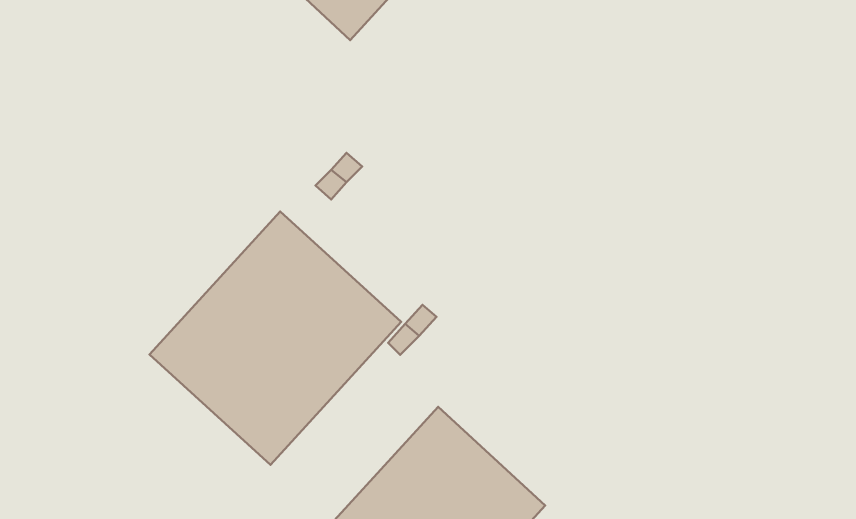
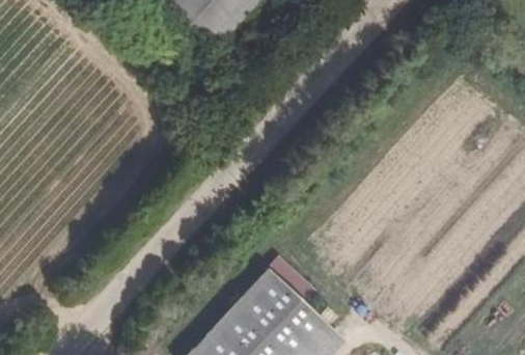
building: [150,212,401,465] -> none

